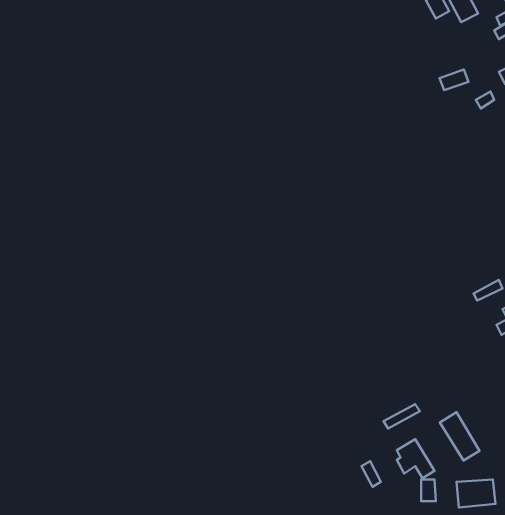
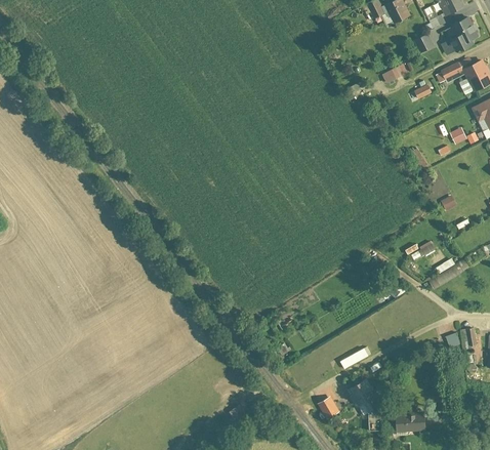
building: [440,412,480,460] -> none

